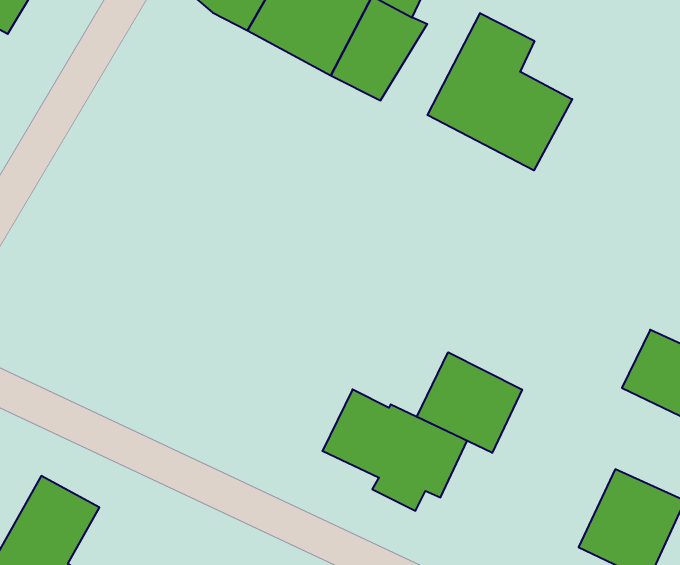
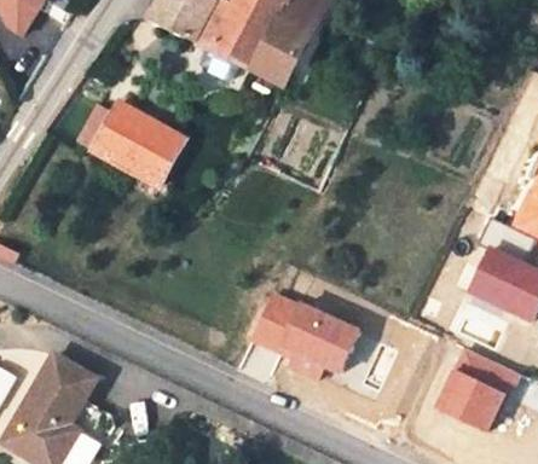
building: [427,13,572,170] -> none
building: none -> [79,94,195,180]
building: [417,352,522,453] -> none

